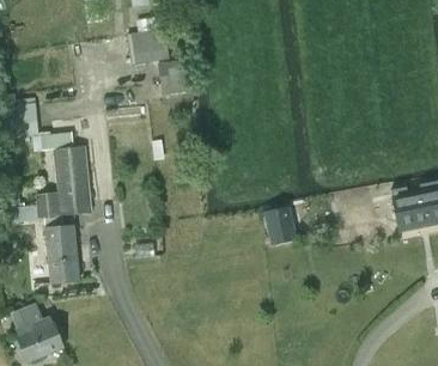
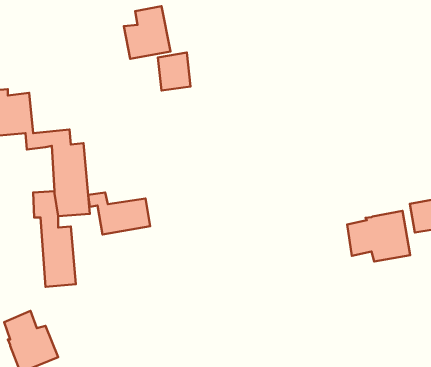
building: none -> [88,192,150,234]
building: none -> [347,211,410,261]
building: [262,209,293,242] -> none

